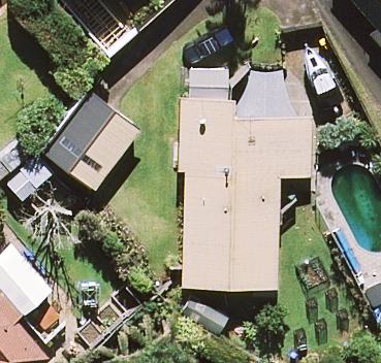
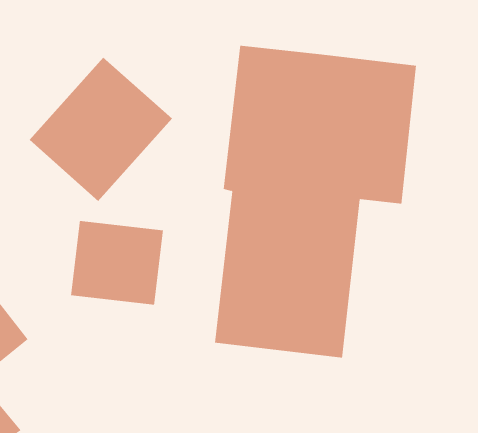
building: none -> [71,220,163,305]

